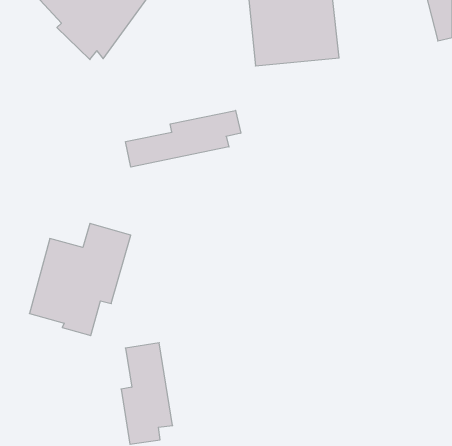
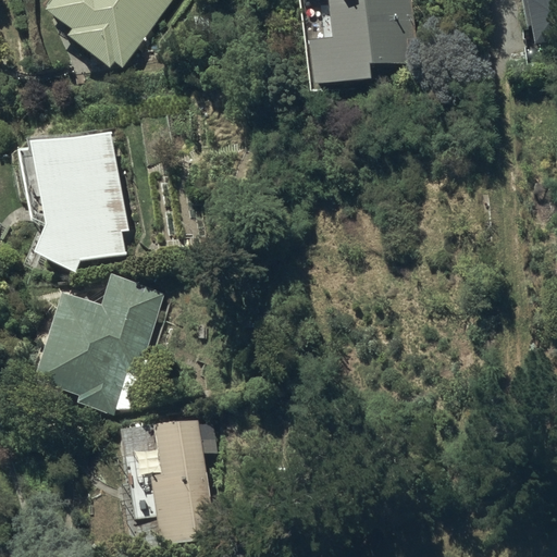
building: none -> [28,127,128,269]
building: [126,110,241,167] -> none

